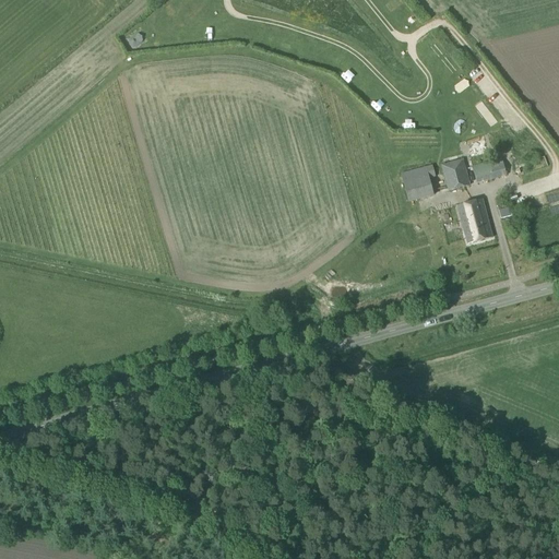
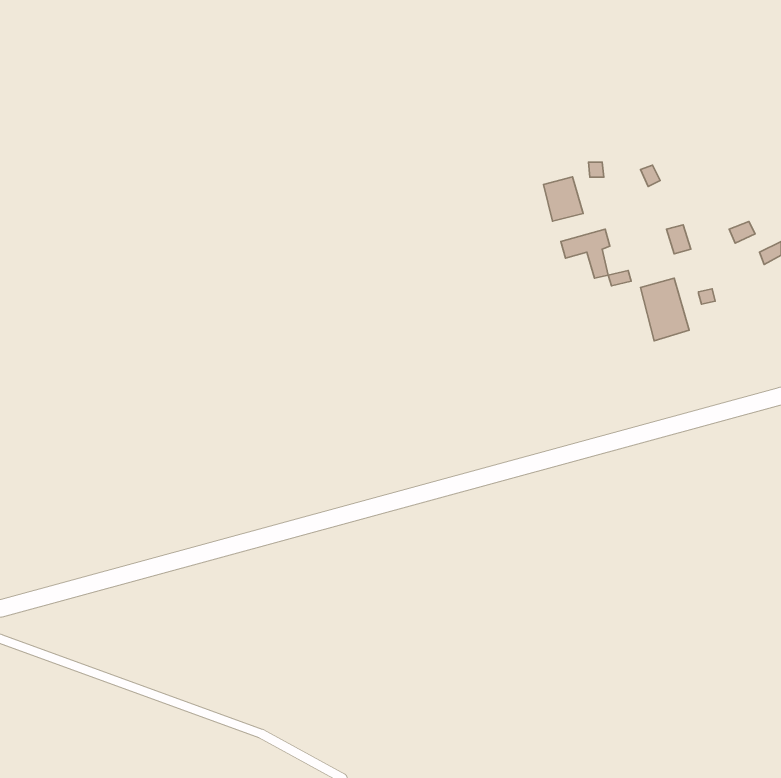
building: [441,158,469,190] -> [543,177,583,221]

